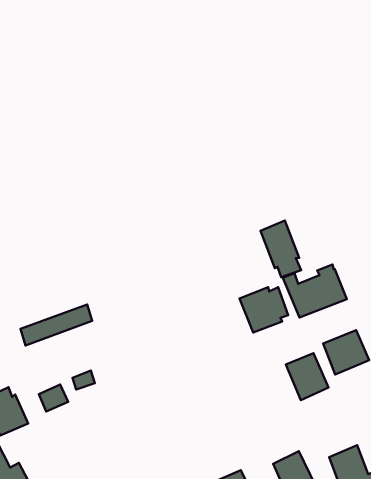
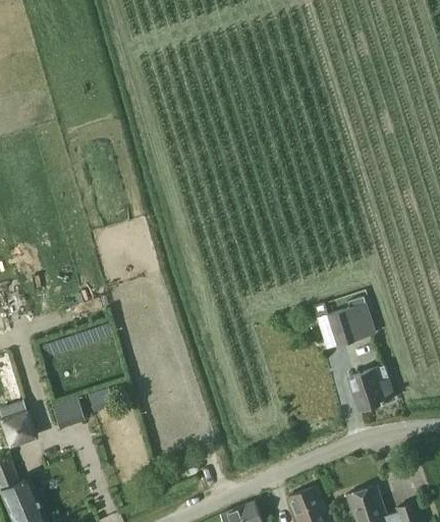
building: [261,221,301,277] -> none
building: [240,287,288,332] -> none
building: [286,353,329,400] -> none

